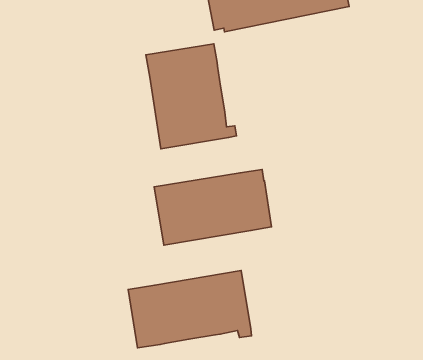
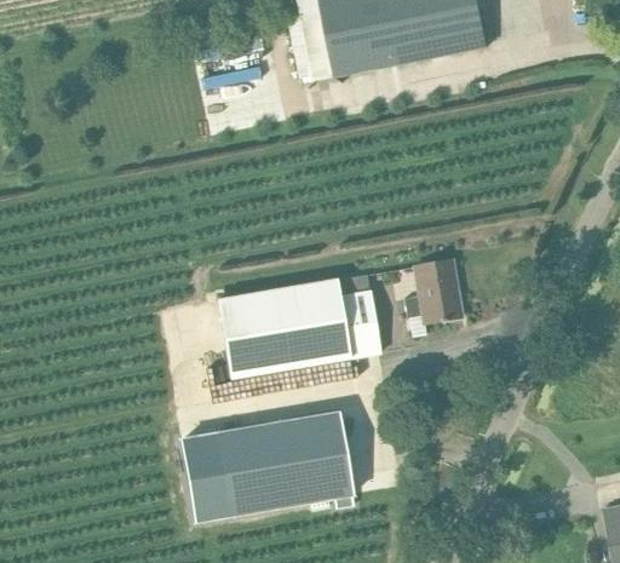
building: [146,44,237,149] -> none
building: none -> [404,258,463,321]

